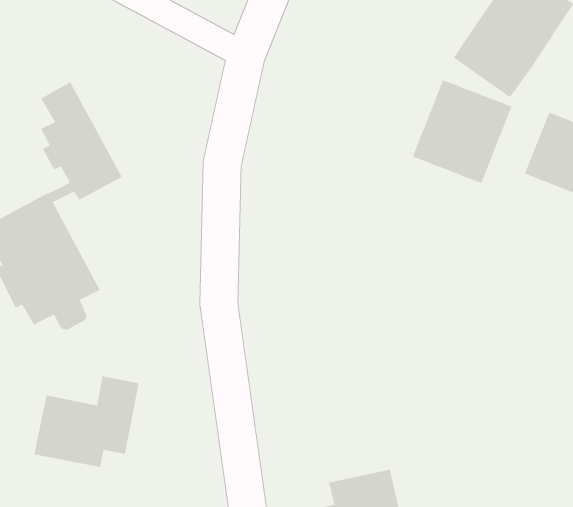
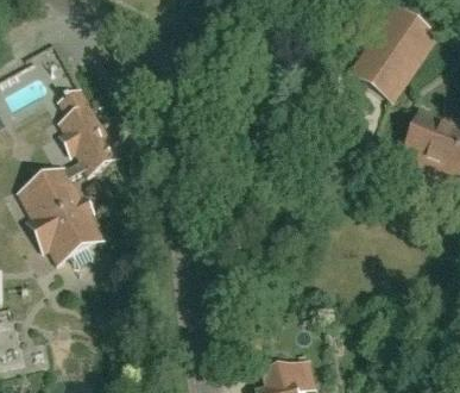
building: [412,79,513,184] -> none
building: [34,376,139,468] -> none

